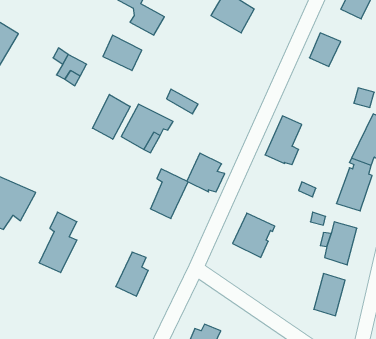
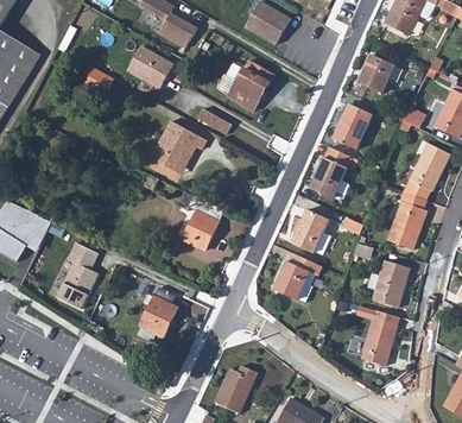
building: none -> [217,61,272,111]
building: none -> [329,96,367,140]
building: [92,94,130,139] -> none
building: [187,153,225,192] -> [286,203,328,246]

